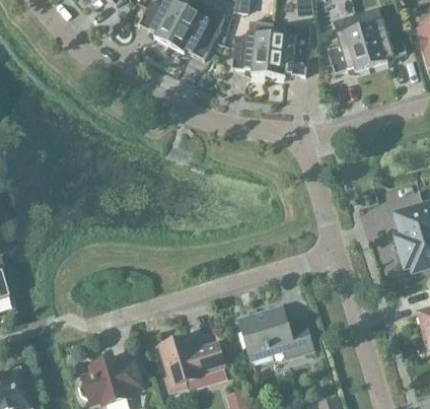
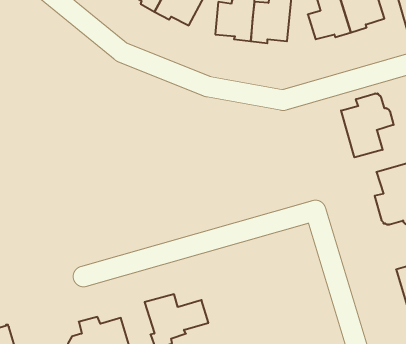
building: none -> [341,93,394,157]
building: [239,308,312,364] -> none

